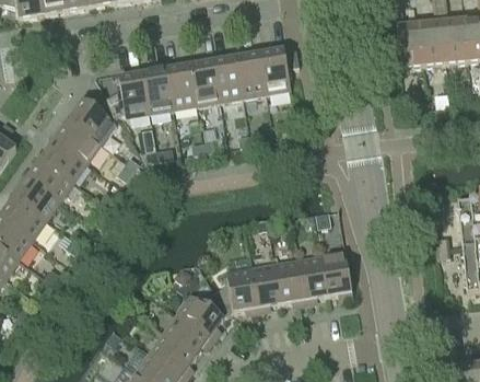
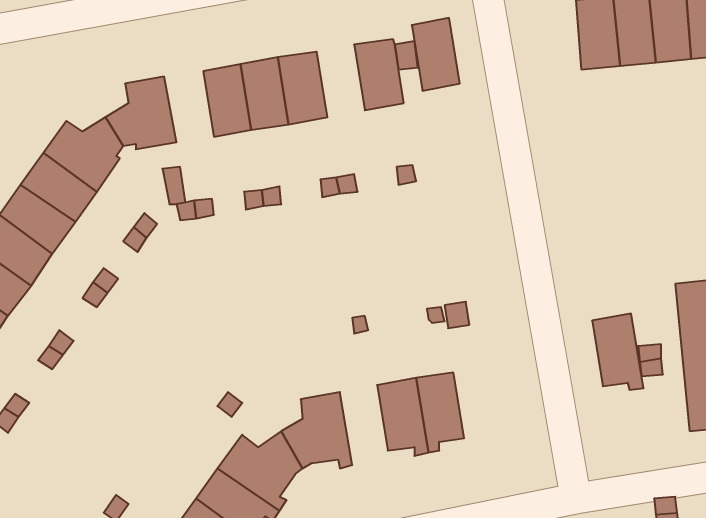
building: [236,53,266,97] -> [412,18,460,91]
building: [142,69,173,113] -> none
building: [320,251,352,298] -> [592,314,644,390]
building: [250,263,280,312] -> none

